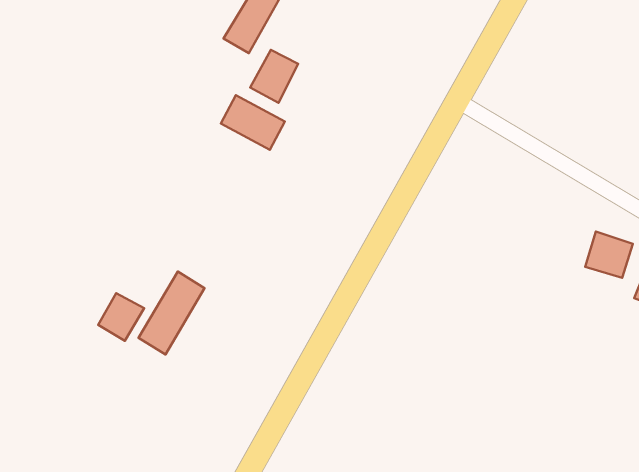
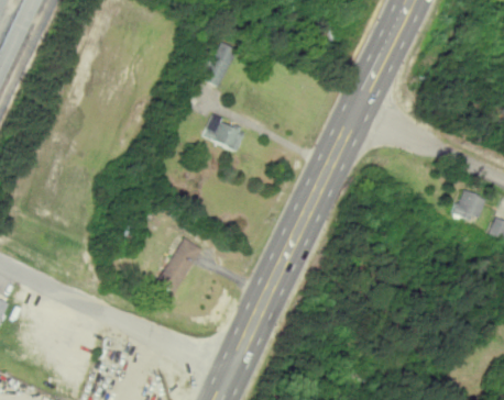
building: [250,50,298,103] -> none
building: [98,293,144,341] -> none

